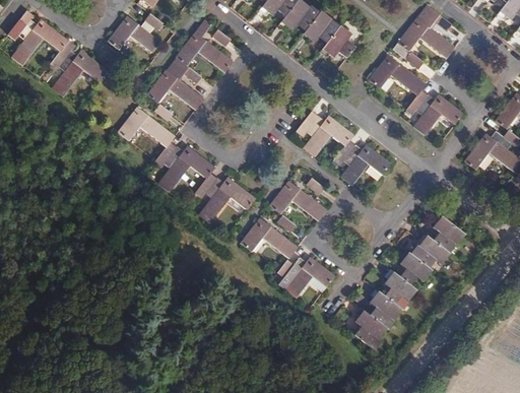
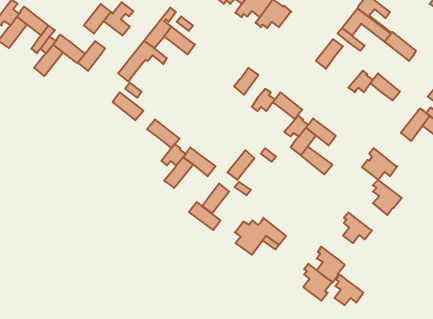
building: [320,24,355,58] -> none
building: [390,63,426,95] -> [384,32,416,61]
building: [169,78,204,110] -> none
building: [413,105,441,135] -> none
building: [118,107,148,140] -> [78,41,105,71]
building: [304,126,331,156] -> [234,68,258,95]
building: [154,141,190,192] -> none
building: [291,189,327,220] -> [301,146,332,174]
building: [262,226,298,258] -> [189,202,220,230]
building: [410,233,450,268] -> [362,148,397,180]
building: [384,269,416,304] -> [334,275,363,305]

